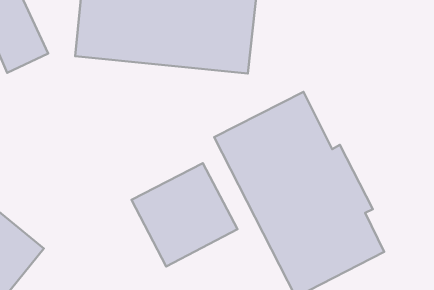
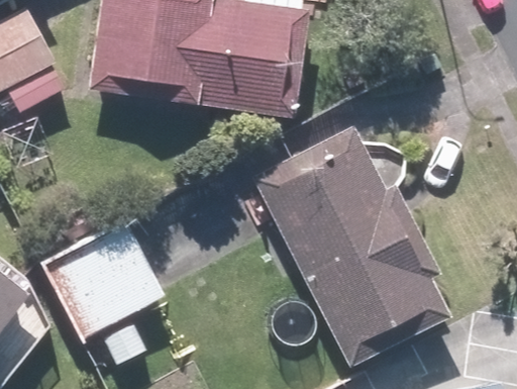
building: [132,163,237,267] -> [42,217,166,337]

